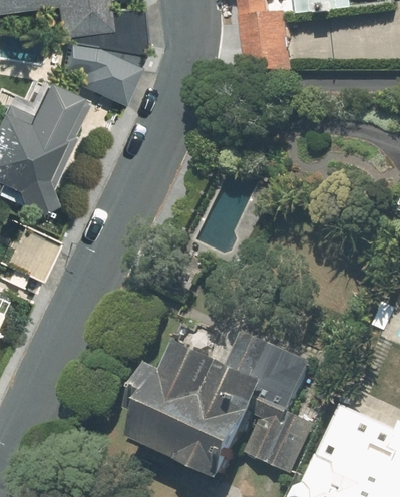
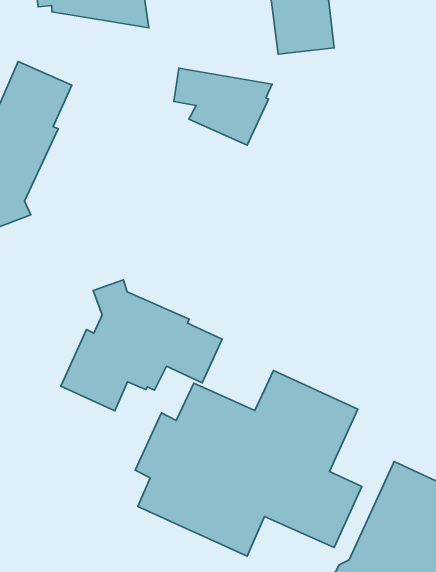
building: [62,44,141,106] -> [174,68,272,145]
building: none -> [61,280,222,411]

